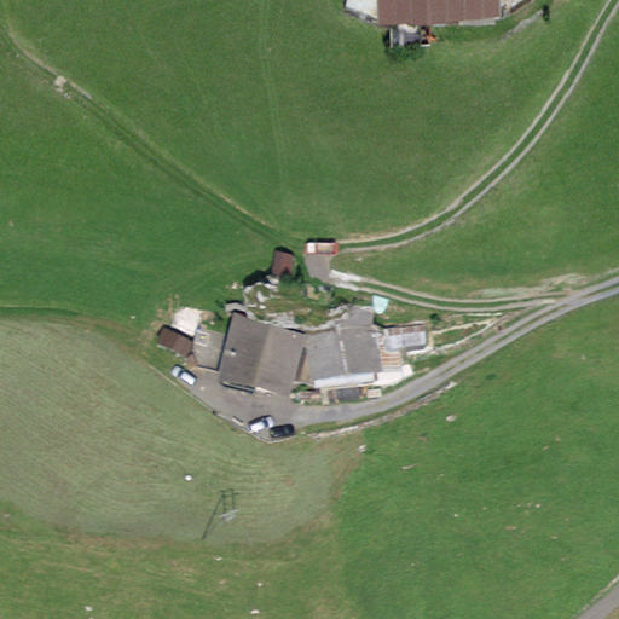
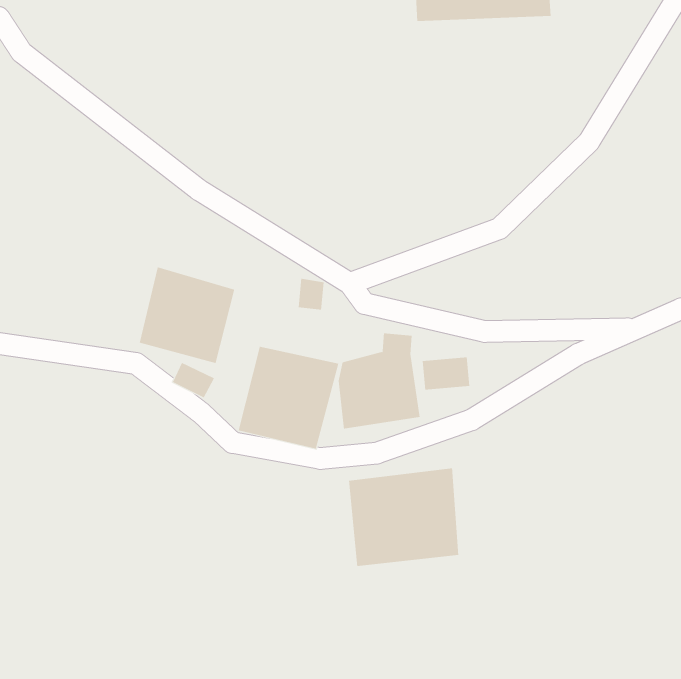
building: none -> [139,267,235,364]
building: none -> [349,468,459,567]

